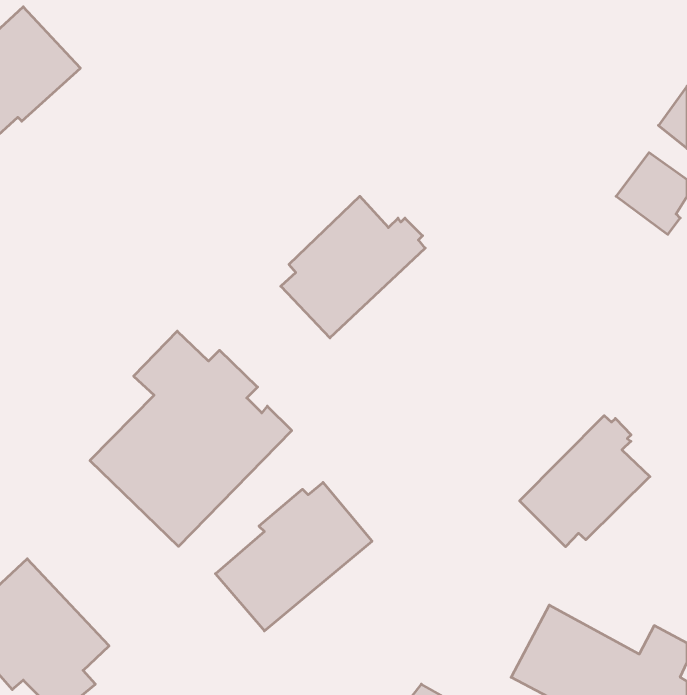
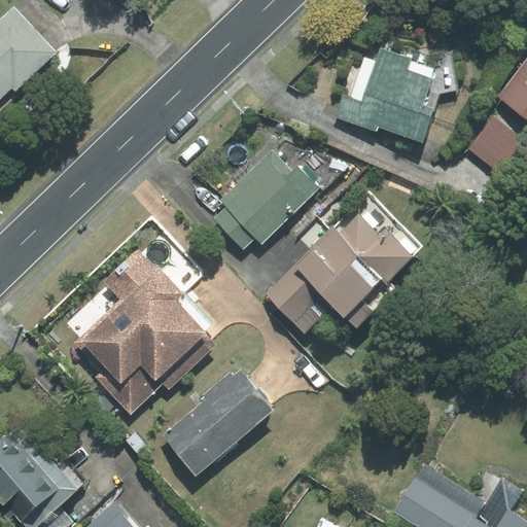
building: none -> [332,48,437,143]
building: none -> [264,209,415,338]
building: [520,416,650,547] -> none

